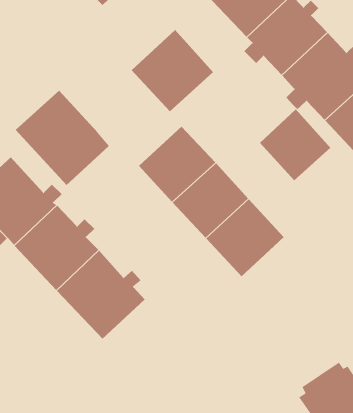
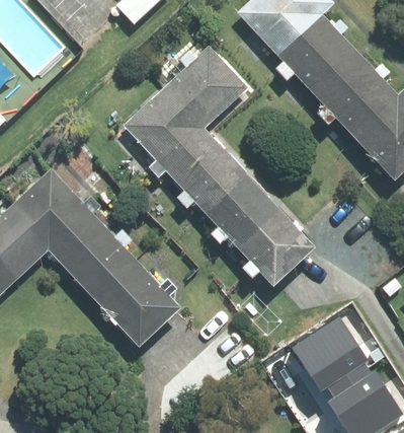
building: [15,90,110,186] -> [124,86,215,178]
building: [259,109,331,181] -> none
building: none -> [292,316,368,391]

